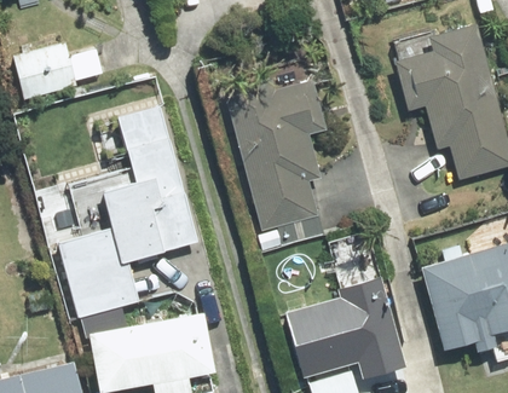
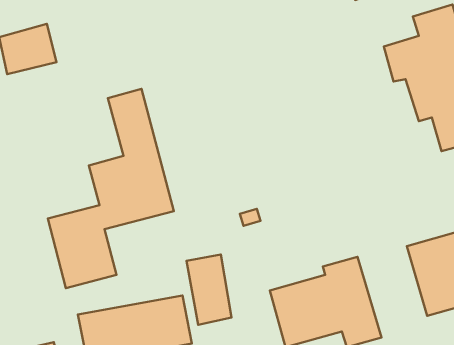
building: [229,81,321,244] -> none
building: none -> [186,255,231,325]

